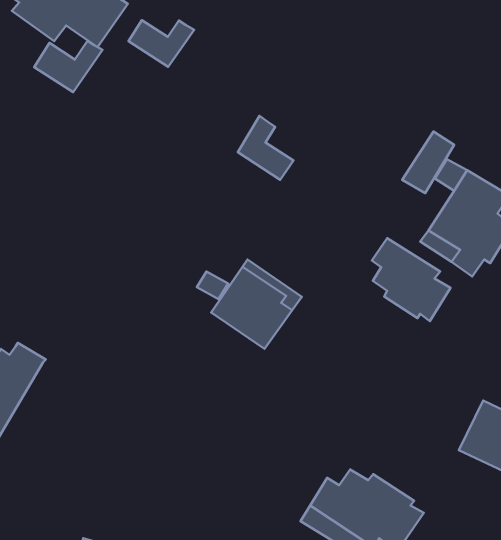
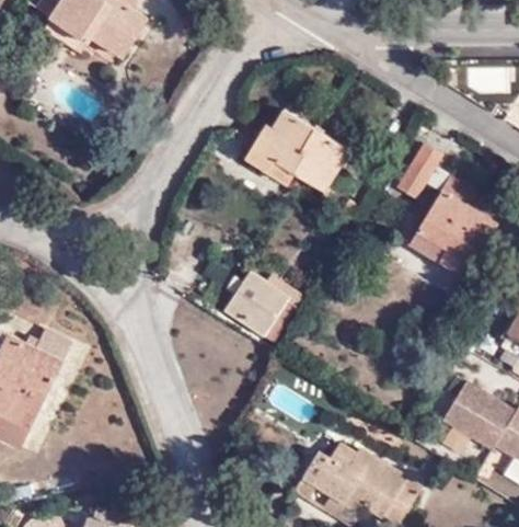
building: [129,20,194,67] -> none
building: [34,41,102,92] -> none
building: none -> [269,110,348,186]
building: [372,238,450,321] -> none

